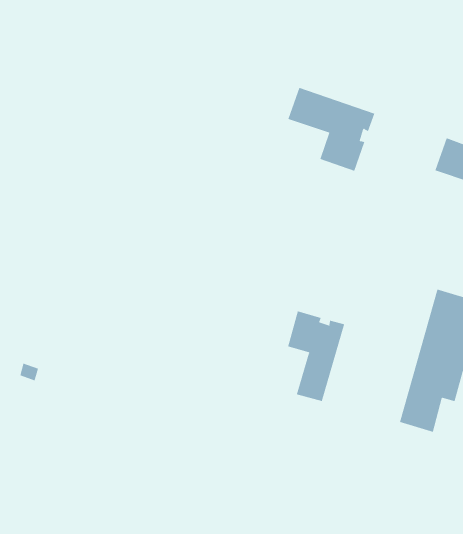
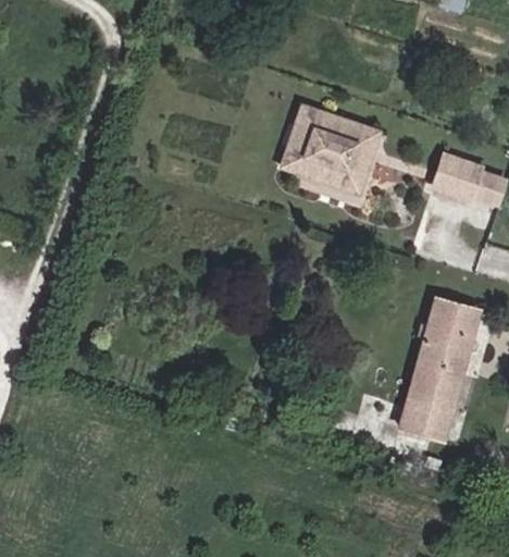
building: none -> [285,139,333,177]
building: [287,310,345,402] -> none

